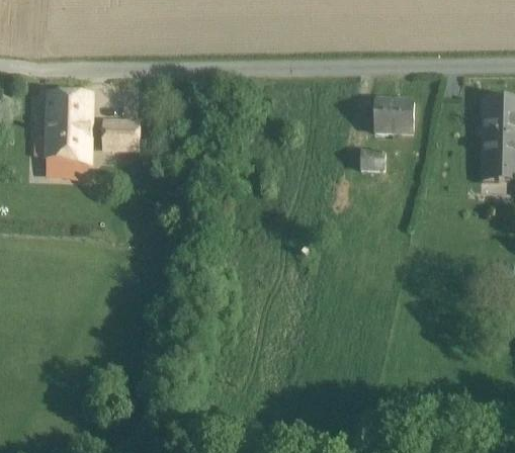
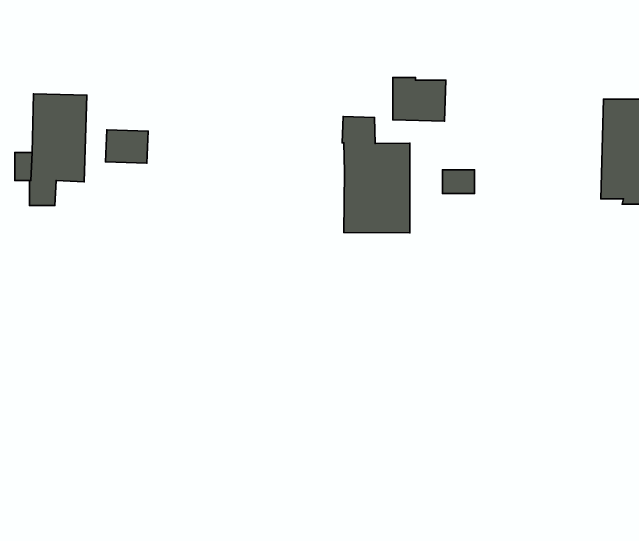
building: [373,98,414,131] -> [393,77,446,121]
building: none -> [342,117,410,233]

